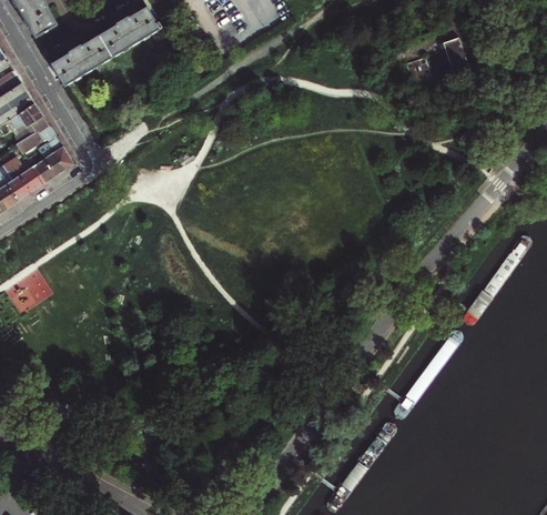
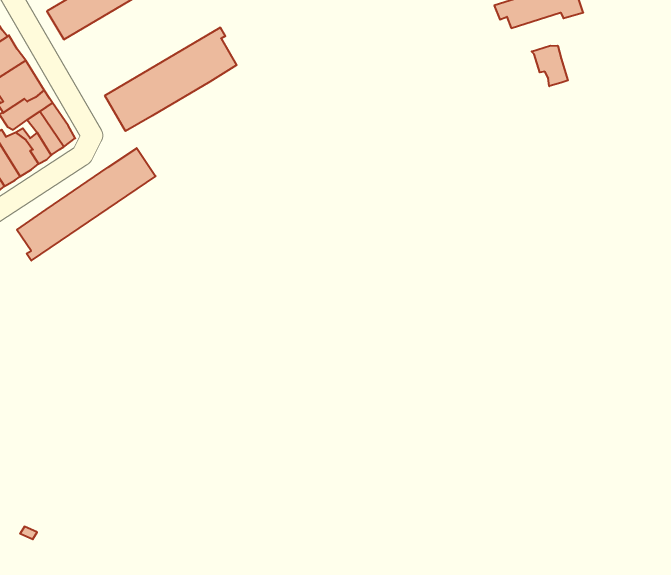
building: none -> [105,27,237,131]
building: none -> [532,46,568,86]
building: none -> [17,148,156,261]

